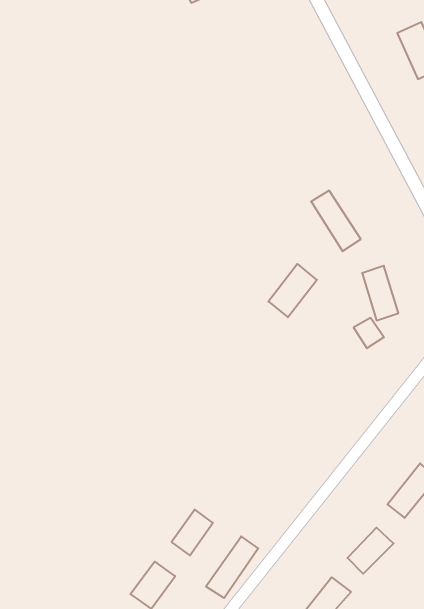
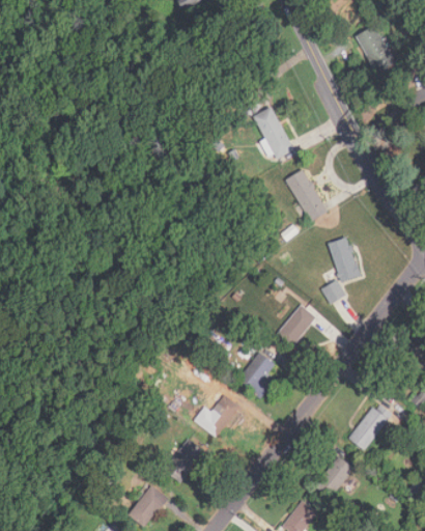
building: none -> [256,108,293,160]
building: [268,264,317,317] -> [276,304,317,350]
building: none -> [238,353,276,391]
building: none -> [204,396,238,432]
building: [206,536,258,598] -> none

